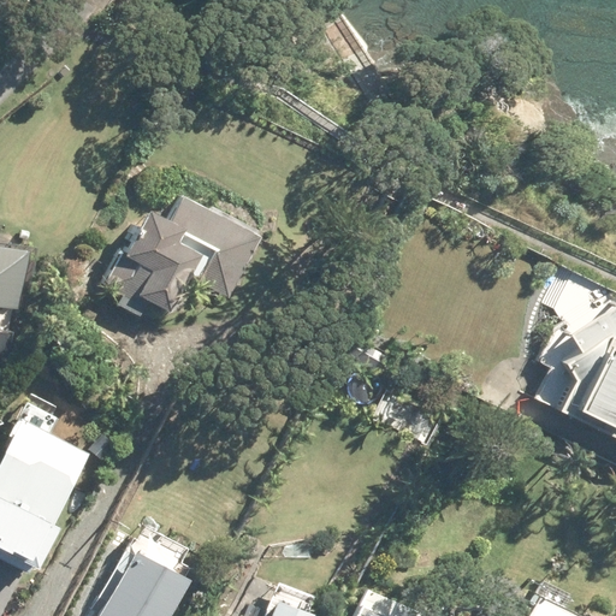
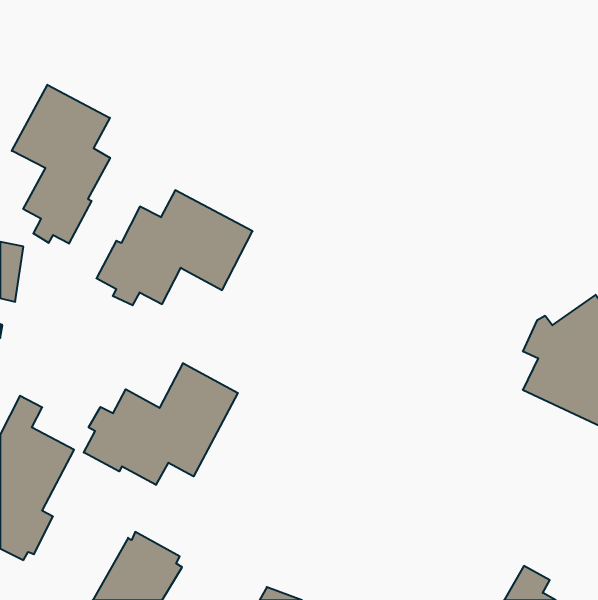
building: none -> [12,85,110,244]
building: none -> [84,363,238,485]

